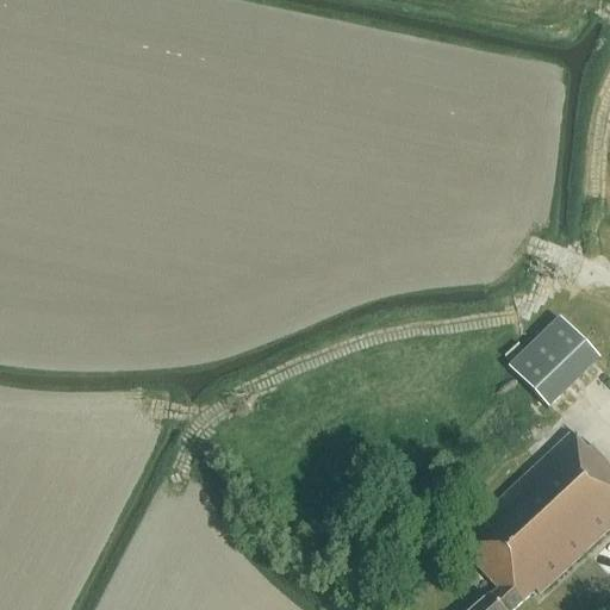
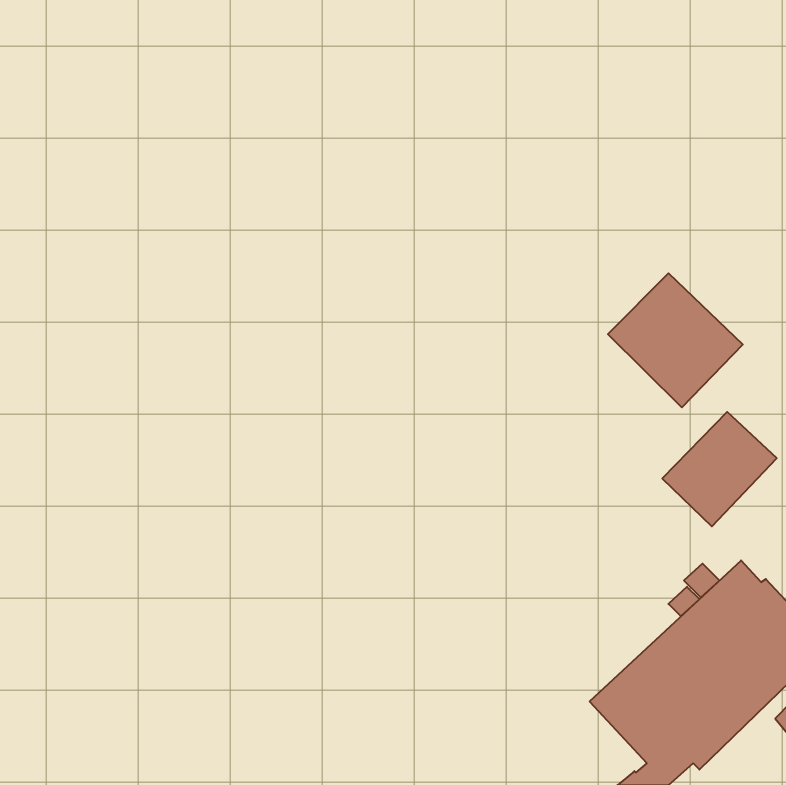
building: none -> [608,273,743,407]

